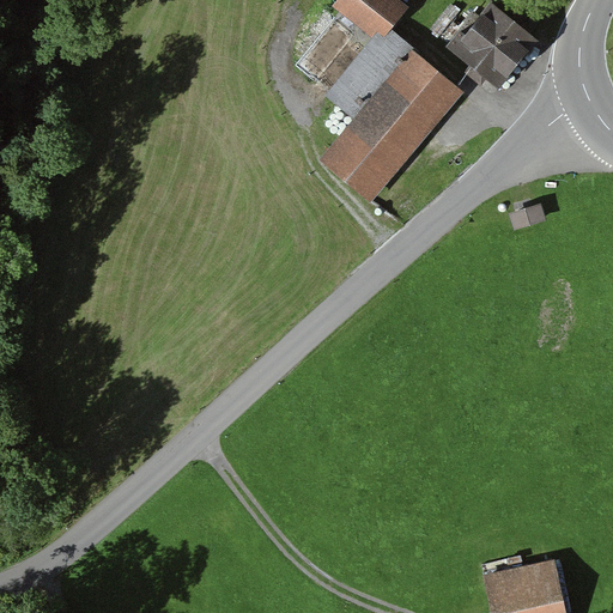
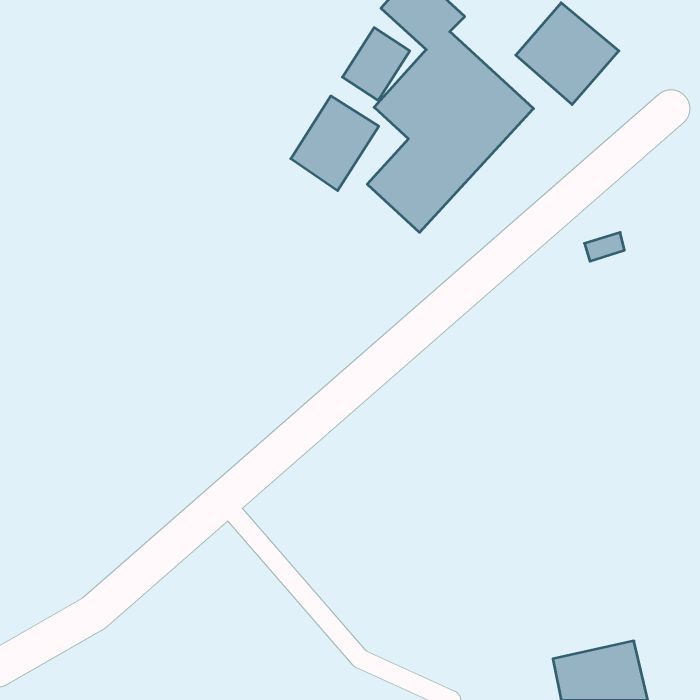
building: none -> [291,96,379,191]

